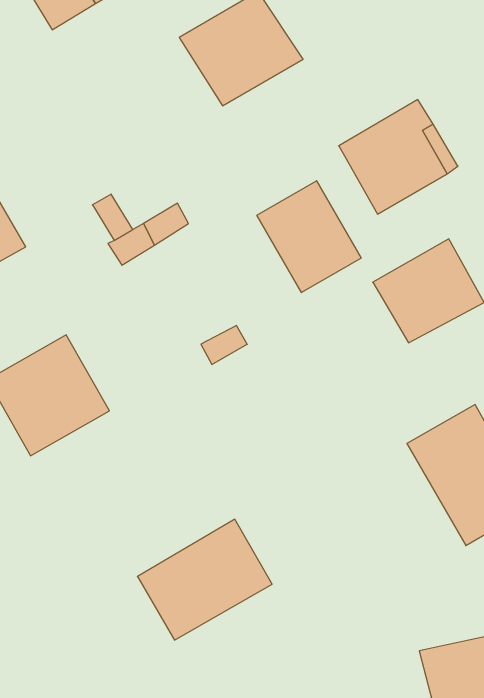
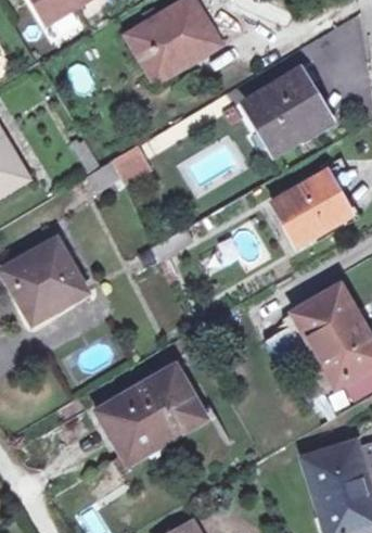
building: [257,181,361,293] -> none
building: none -> [98,407,204,464]

